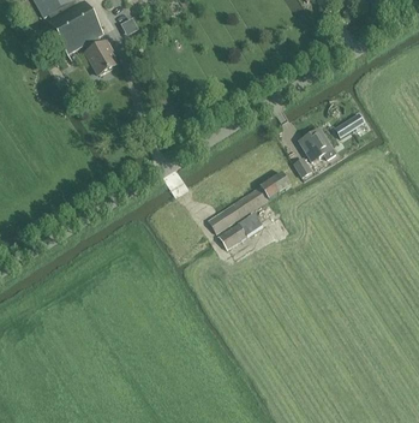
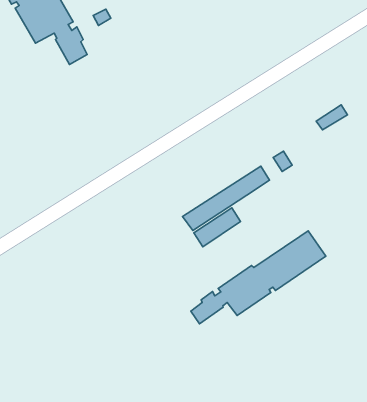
building: [298,129,334,162] -> none
building: none -> [191,231,326,324]

